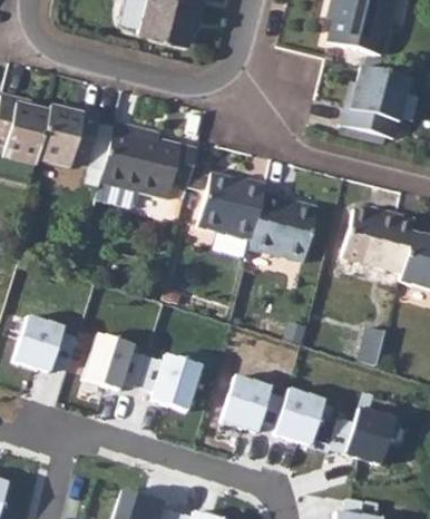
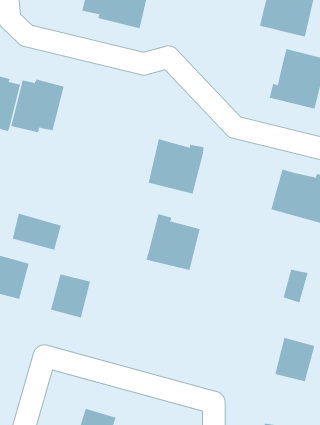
building: [96,121,198,208] -> none
building: [251,194,315,261] -> [146,214,200,270]
building: none -> [12,213,62,250]
building: [150,352,198,404] -> none
building: [222,374,268,427] -> none
building: [274,389,322,441] -> none

